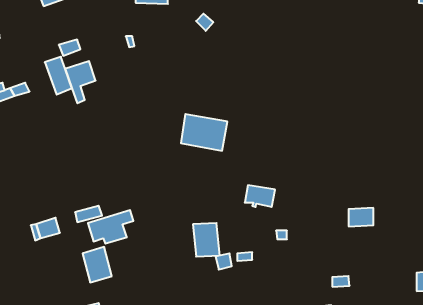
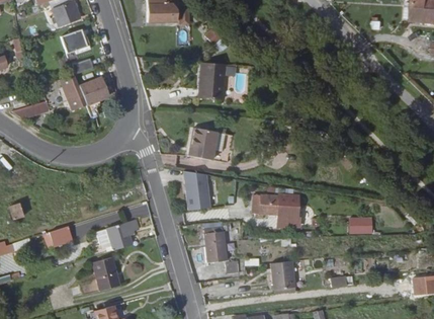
building: none -> [59,30,89,56]
building: none -> [201,62,230,100]
building: none -> [182,168,210,209]
building: none -> [274,196,297,229]
building: none -> [274,260,290,289]

